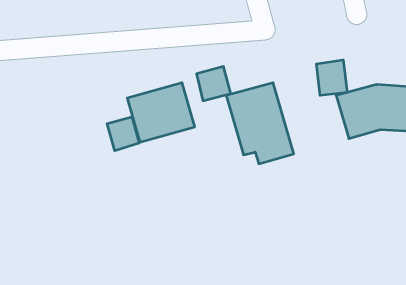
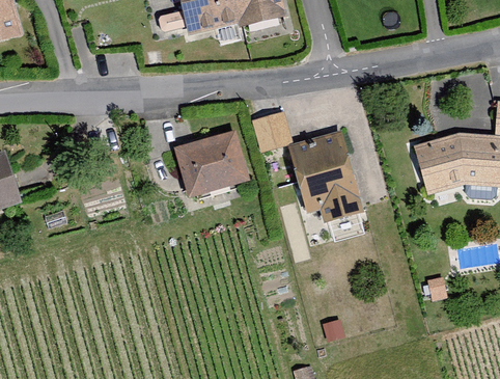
building: [316,60,347,95] -> none
building: [107,117,139,151] -> none

